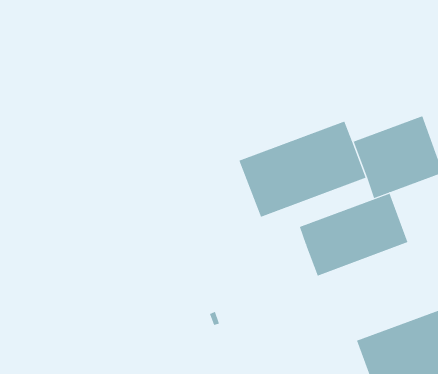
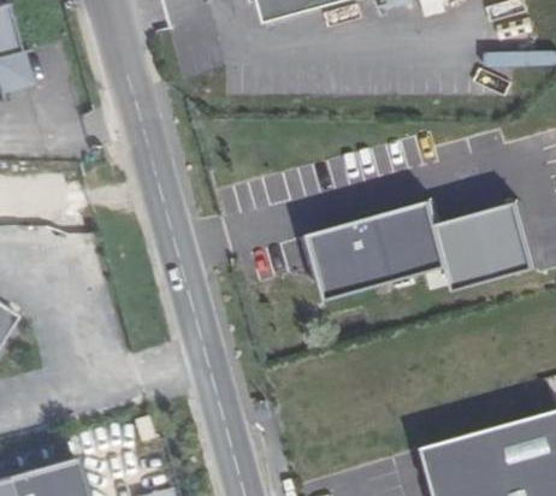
building: [299,193,408,276] -> none

